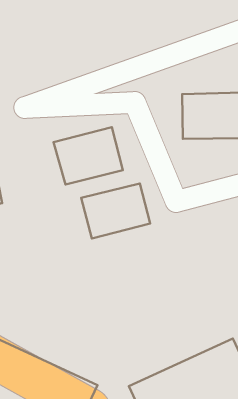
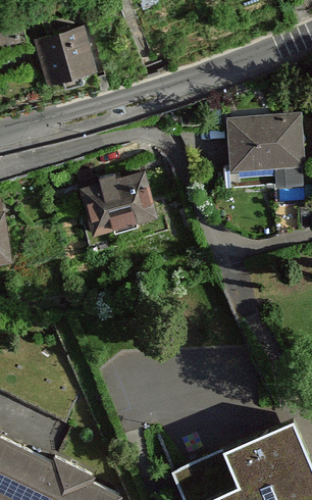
building: none -> [30,23,100,91]
building: [81,183,150,239] -> none

